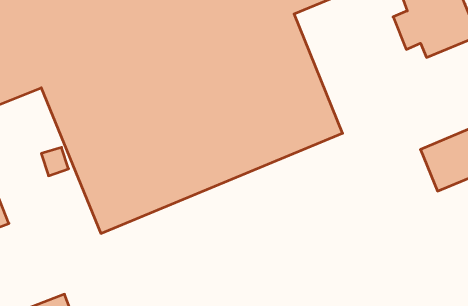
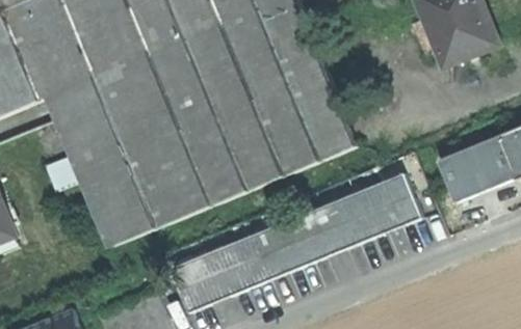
building: none -> [172,171,422,310]

